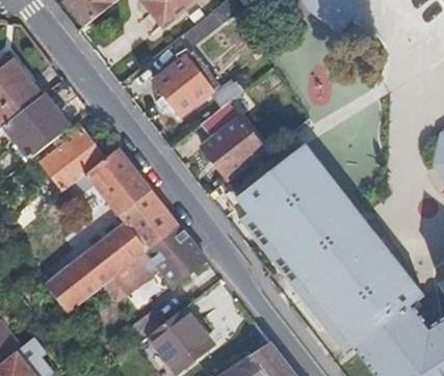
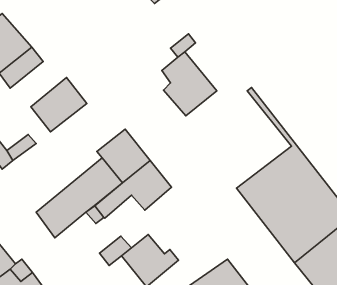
building: [151,50,213,111] -> none
building: [19,111,72,159] -> none
building: [233,145,347,259] -> none
building: [66,150,153,216] -> none

